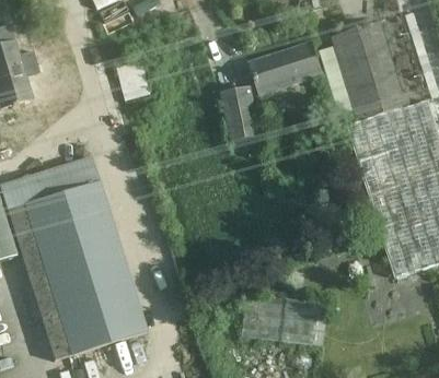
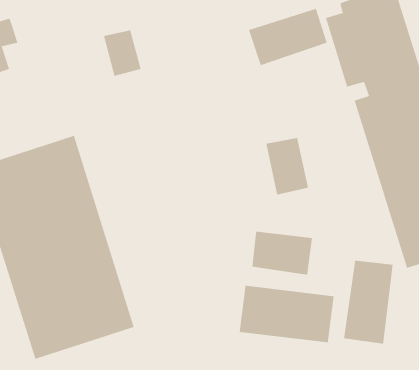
building: [221,86,261,139] -> [266,138,309,195]
building: none -> [252,231,313,275]
building: none -> [344,260,393,344]

